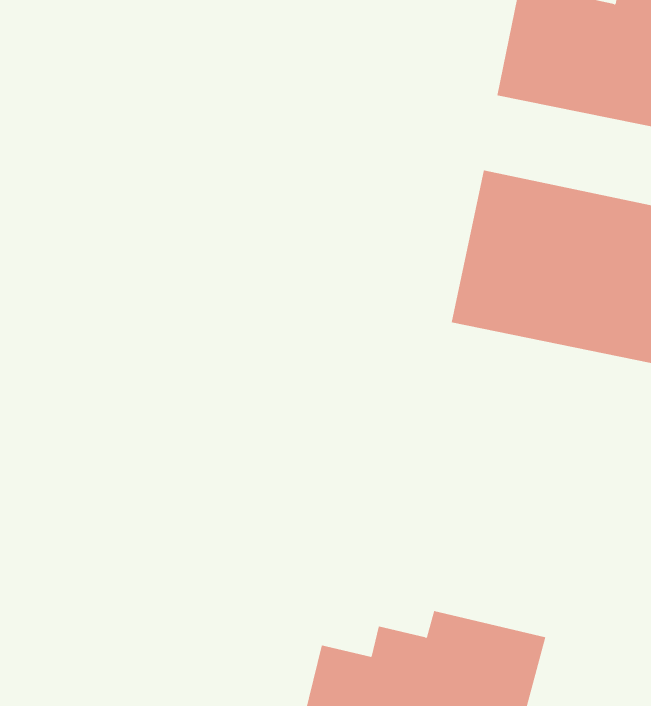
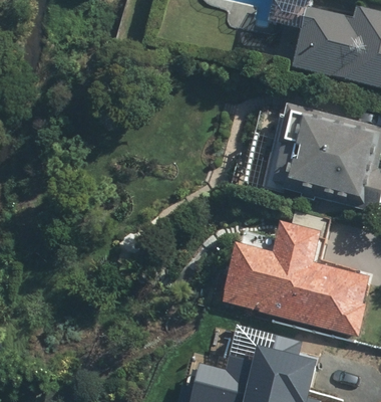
building: none -> [220,222,369,334]

